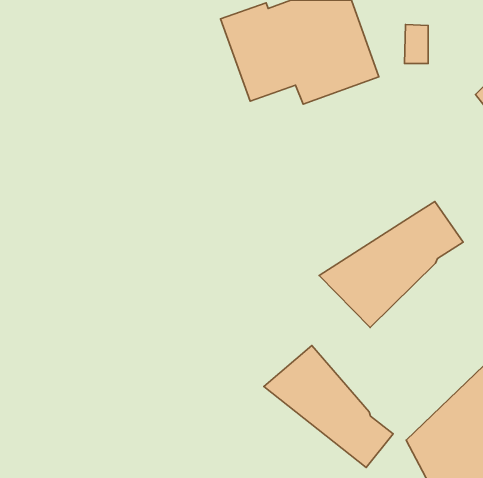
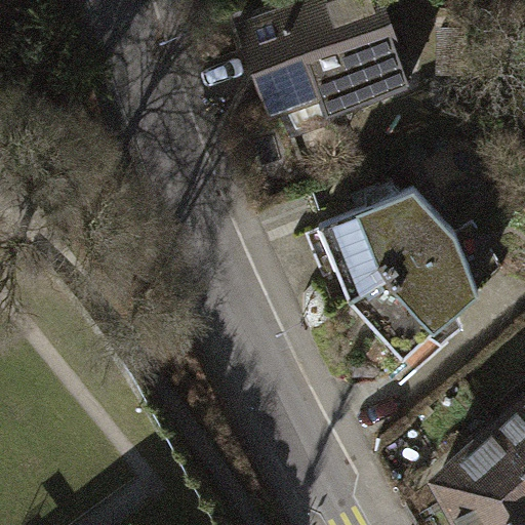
building: none -> [319,191,452,305]
building: [264,345,393,467] -> none

